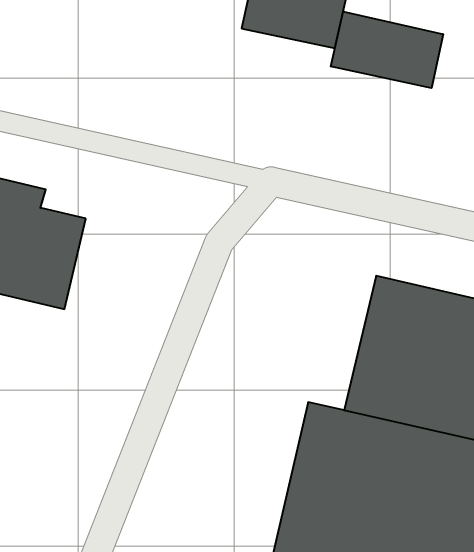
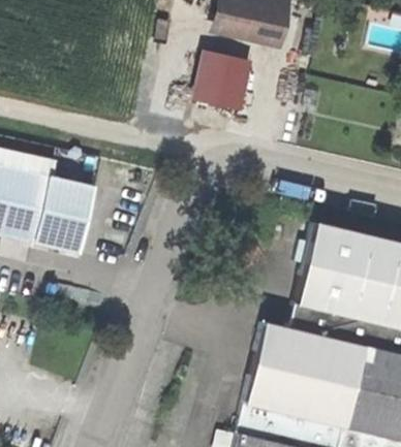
building: [331,12,443,88] -> none
building: none -> [193,55,254,115]

